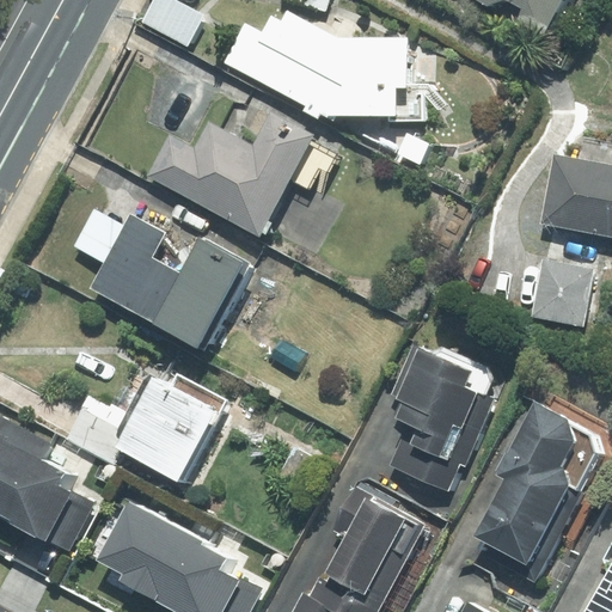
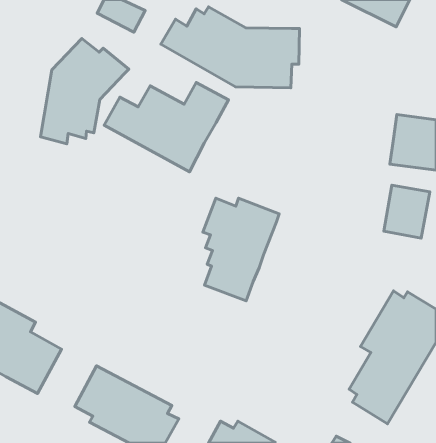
building: none -> [41,38,129,144]
building: [72,208,252,348] -> none
building: [386,348,491,489] -> [203,198,279,301]
building: [59,368,228,483] -> none
building: [330,495,411,595] -> none

